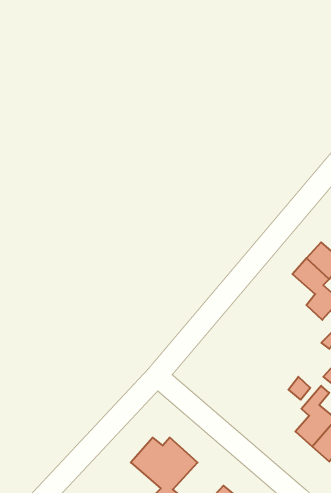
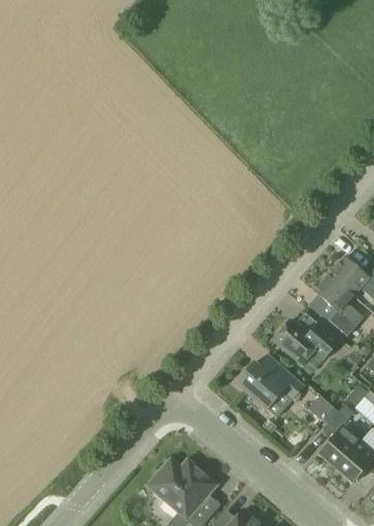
building: none -> [274,320,340,364]
building: none -> [237,362,304,408]

